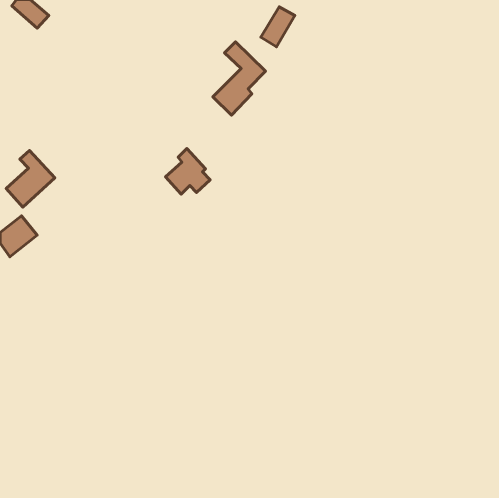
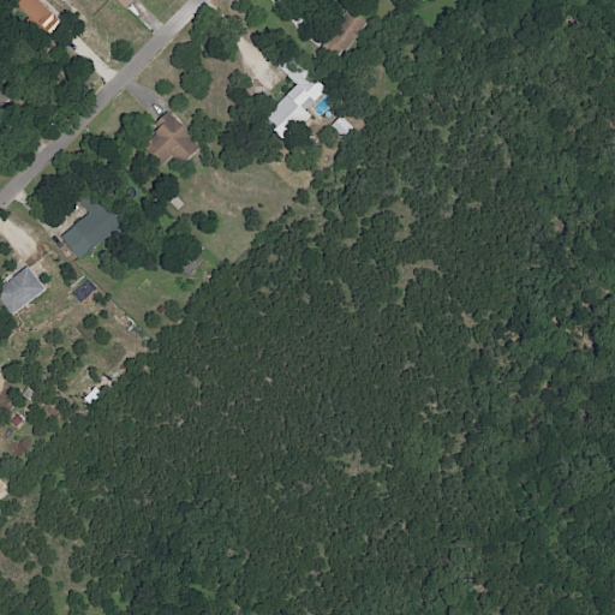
building: [165,148,210,194] -> [142,109,197,166]
building: [6,150,55,207] -> [60,190,120,259]

